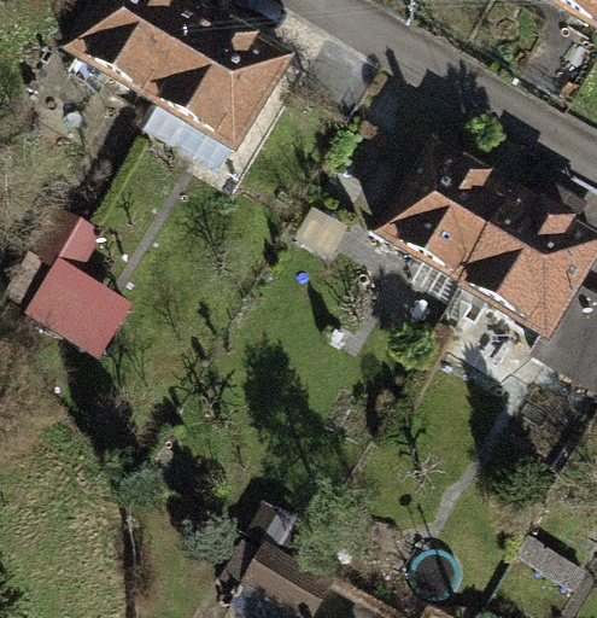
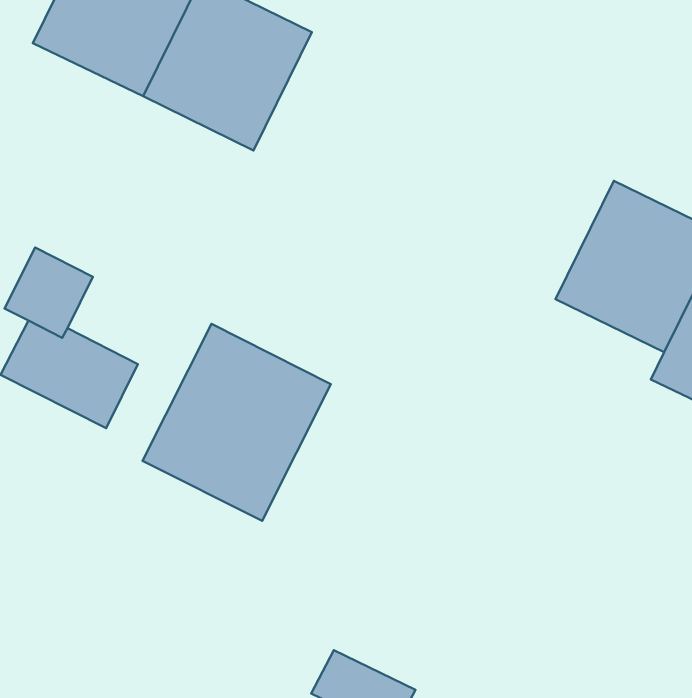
building: [382,145,517,284] -> none
building: none -> [143,324,331,521]

